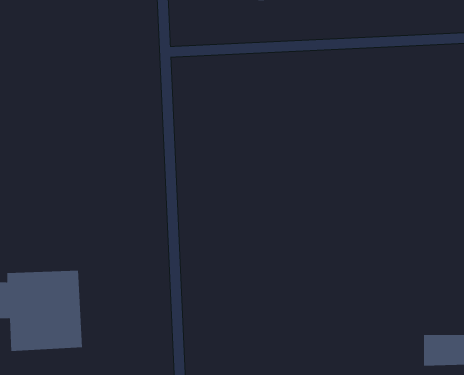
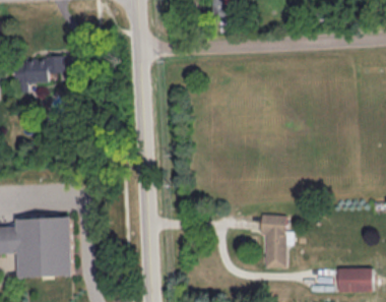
building: none -> [15,57,67,93]
building: none -> [259,214,285,267]

